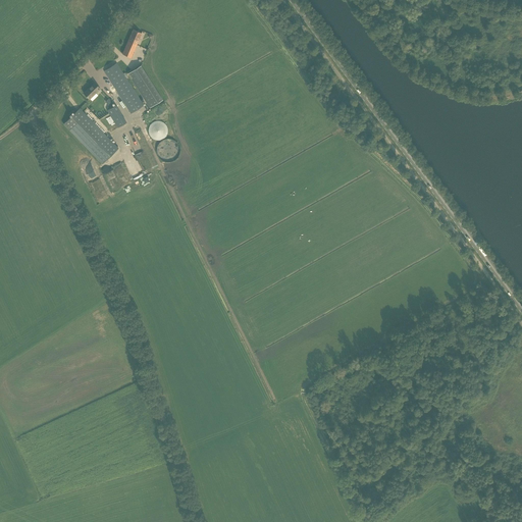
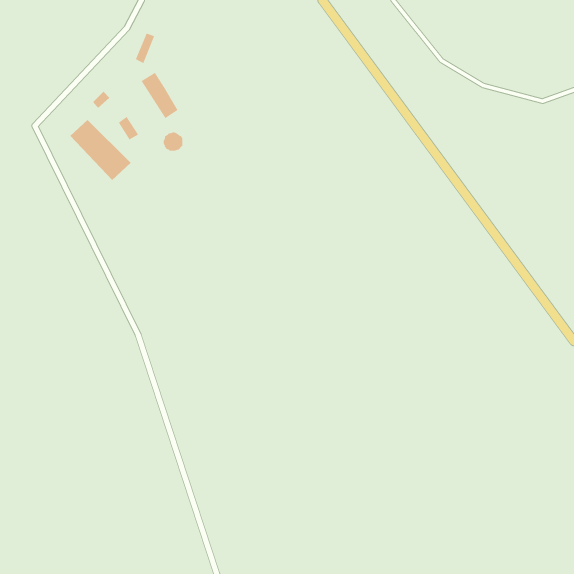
building: [104,63,144,114] -> none

